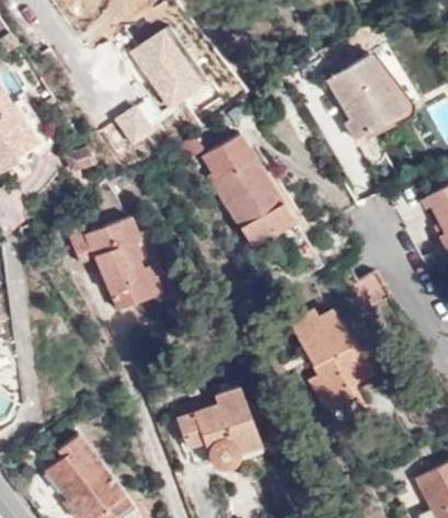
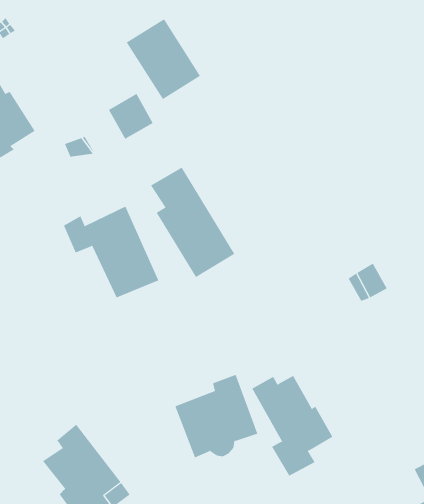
building: [333,60,401,141] -> none
building: [207,135,291,245] -> [150,167,235,278]
building: [290,309,371,410] -> [251,375,333,477]

